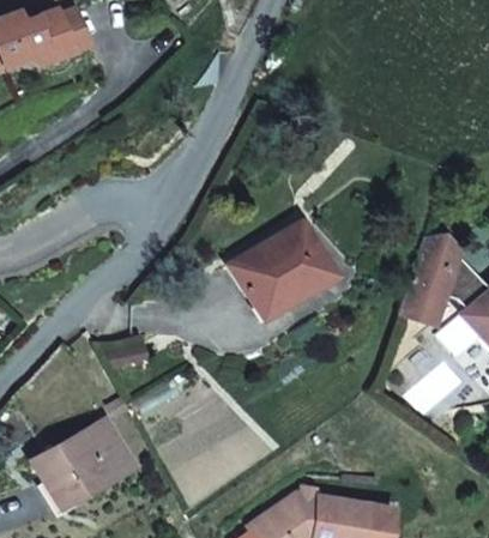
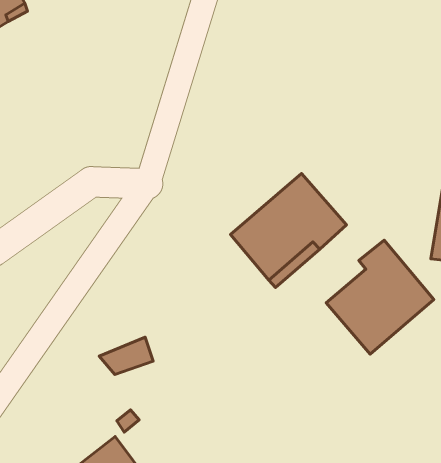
building: none -> [326,240,434,354]

